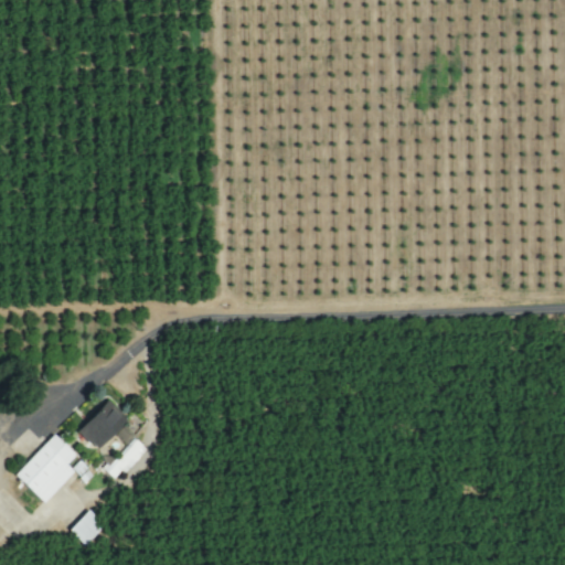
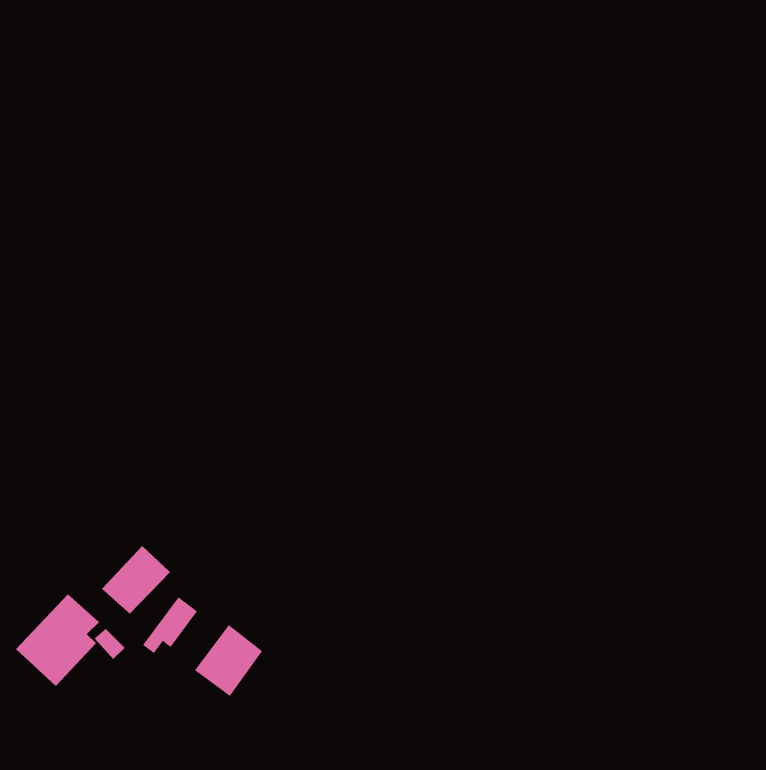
building: none -> [194,624,263,697]
building: [71,511,106,547] -> none

